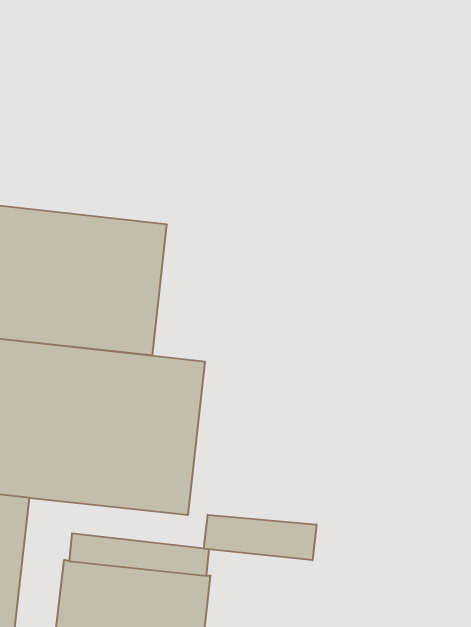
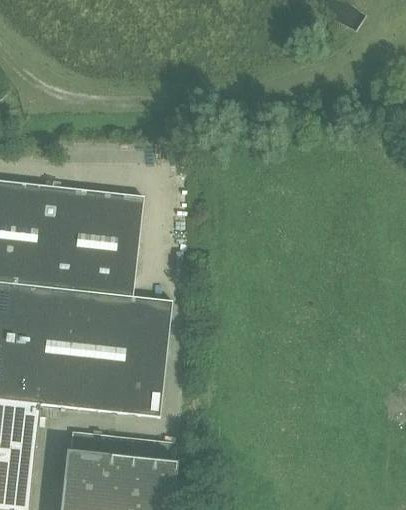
building: [204,515,316,560] -> none

